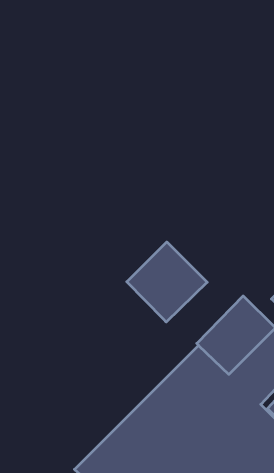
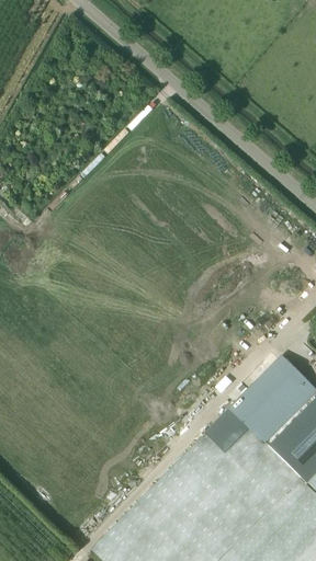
building: [127,242,207,322] -> none

